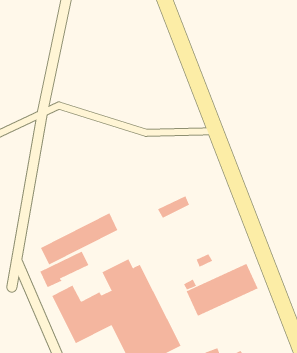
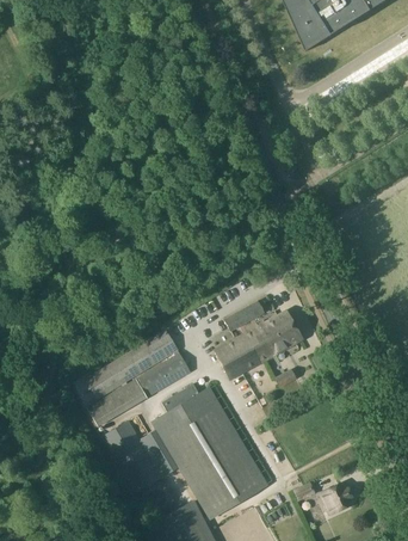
building: none -> [138,352,191,395]
building: [186,263,259,317] -> [215,309,303,379]

